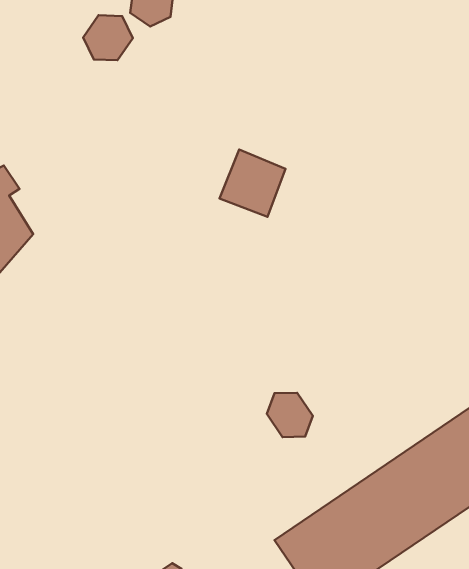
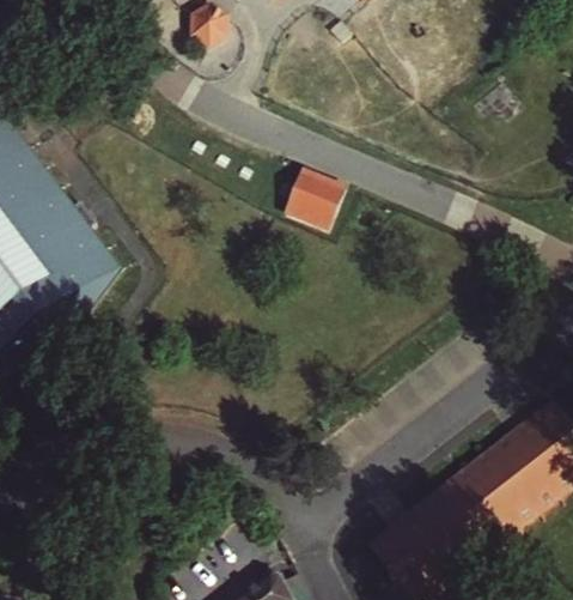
building: [83,15,133,60] -> none
building: [267,393,313,437] -> none

